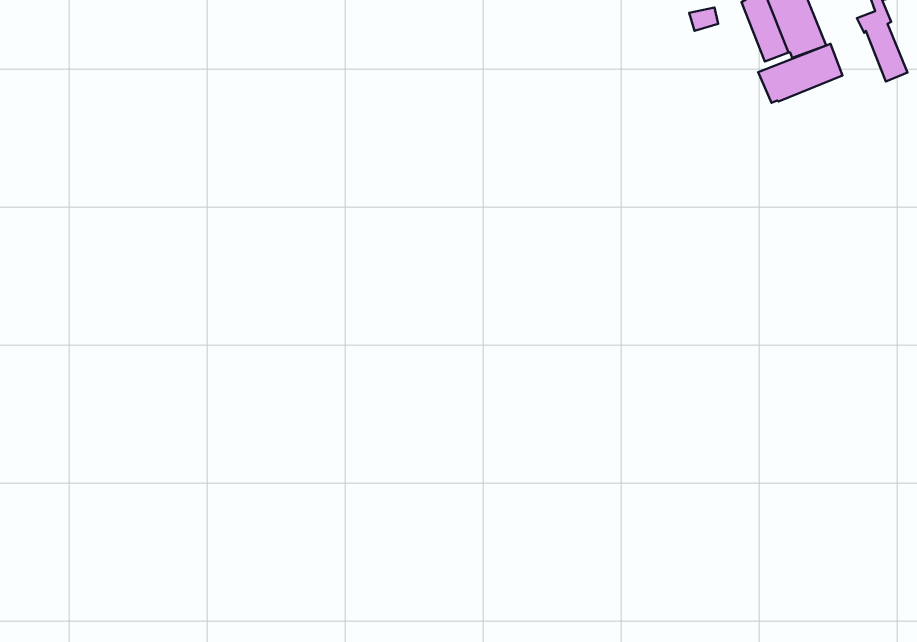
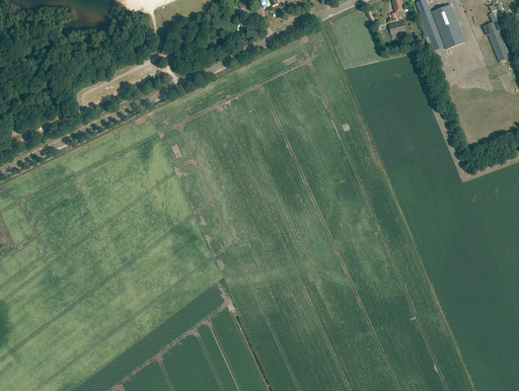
building: [758,44,842,103] -> none

